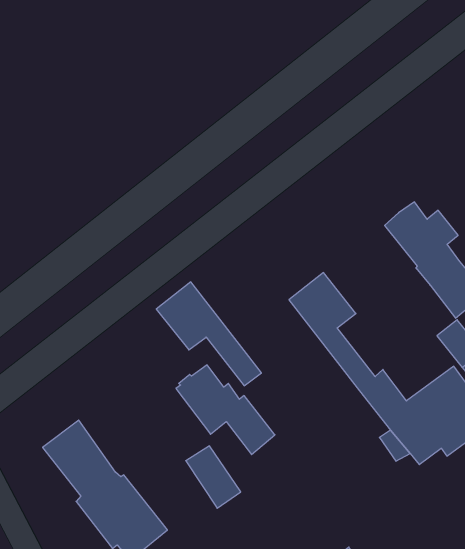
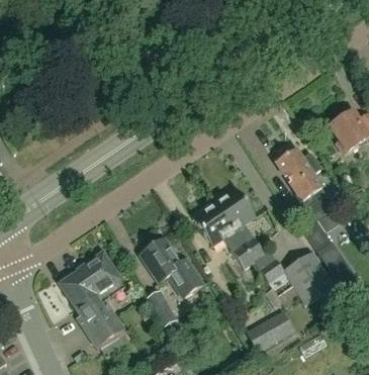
building: [156,282,261,386] -> [192,203,254,269]
building: none -> [81,252,121,301]
building: none -> [245,310,294,352]

